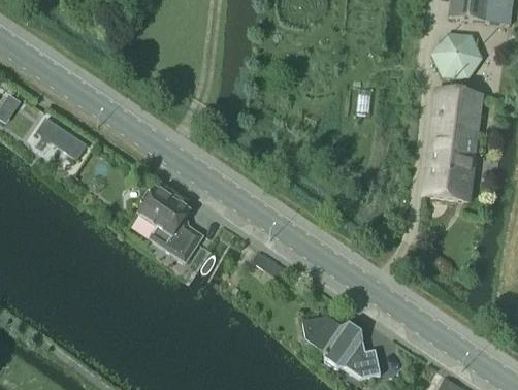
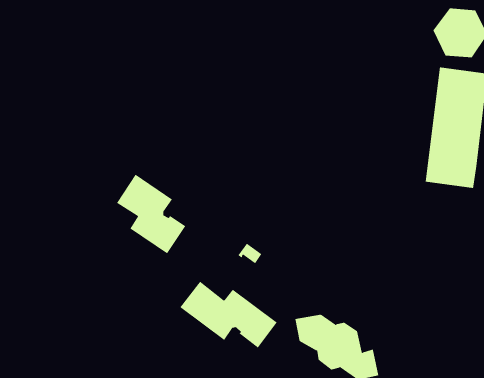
building: [37,117,87,158] -> none
building: none -> [180,281,277,348]

